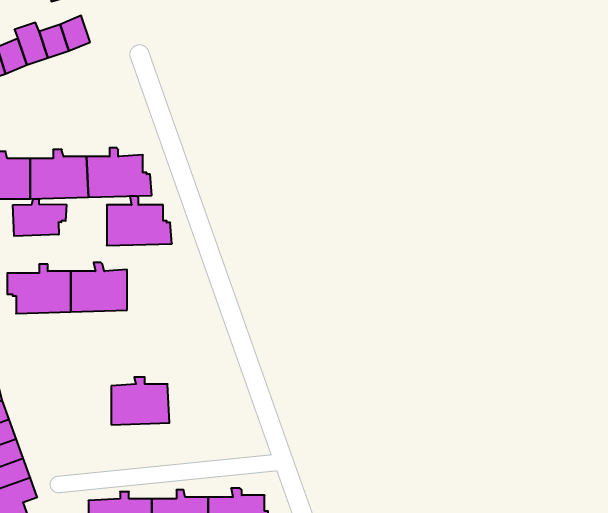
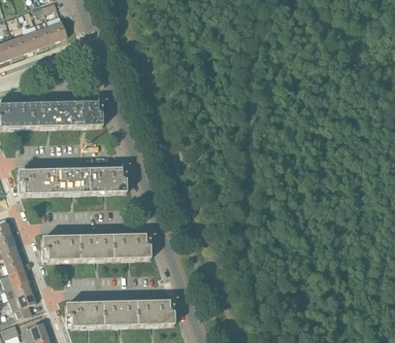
building: [107,196,172,245] -> [88,164,126,193]
building: [13,199,66,236] -> none
building: none -> [111,231,150,259]
building: none -> [41,232,78,261]

